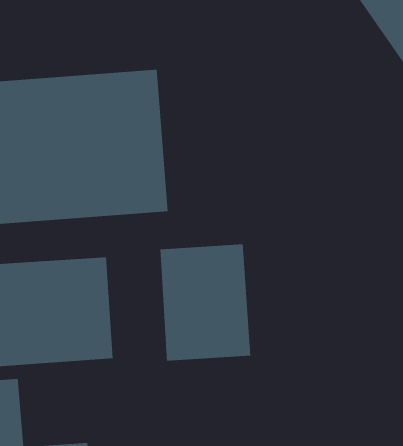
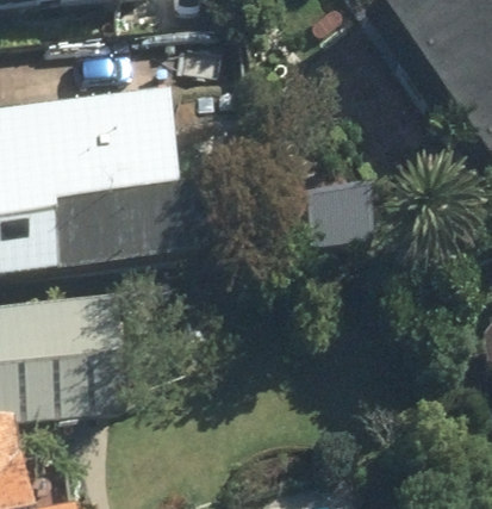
building: [160,244,251,362] -> none

